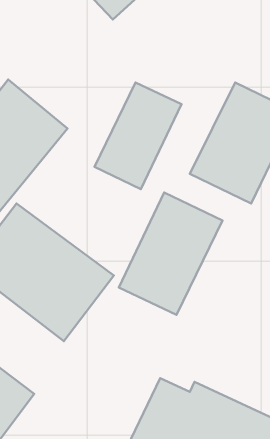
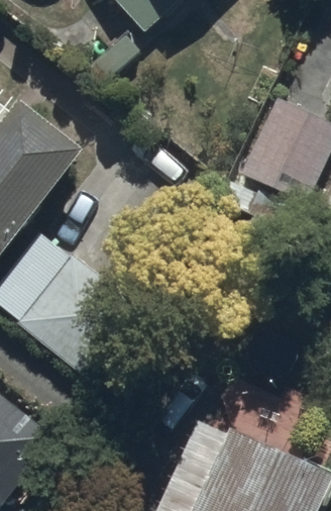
building: [95,82,182,189] -> none
building: [119,192,222,315] -> none

